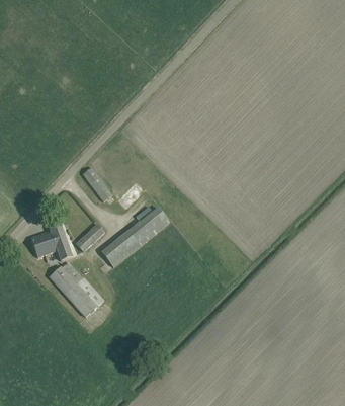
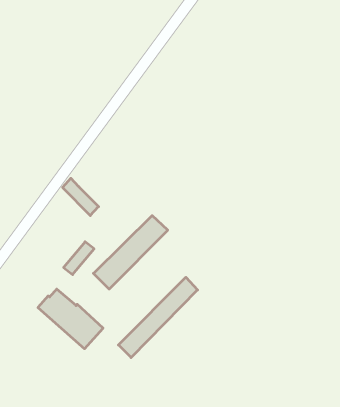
building: [29,226,71,260] -> none
building: none -> [118,277,198,358]

